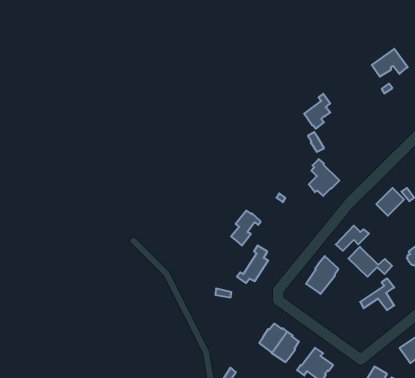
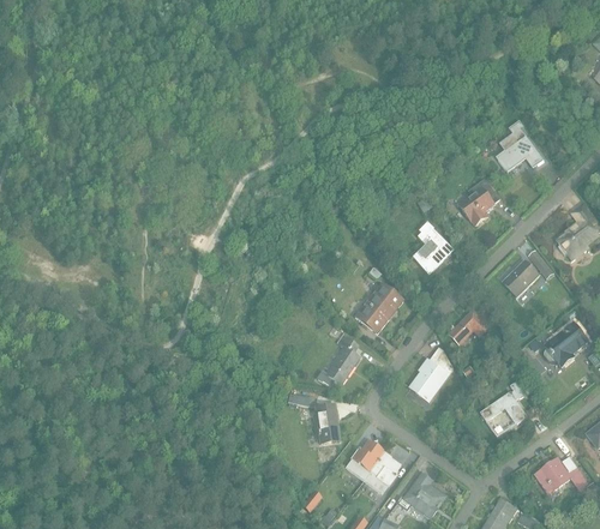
building: [372,49,408,77] -> [497,134,545,172]
building: [304,94,330,129] -> [460,178,494,224]
building: [231,211,261,246] -> [361,287,401,333]
building: [348,247,392,277] -> none
building: none -> [314,403,340,443]

